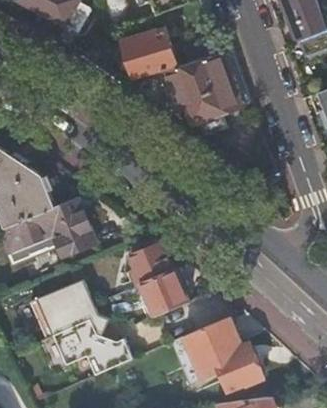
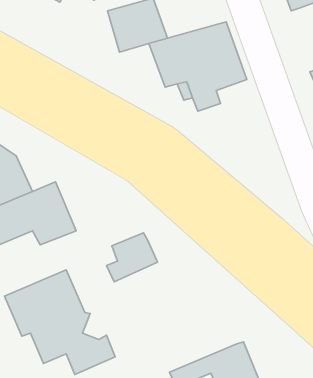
building: [129,266,187,321] -> none
building: [168,316,242,372] -> none

